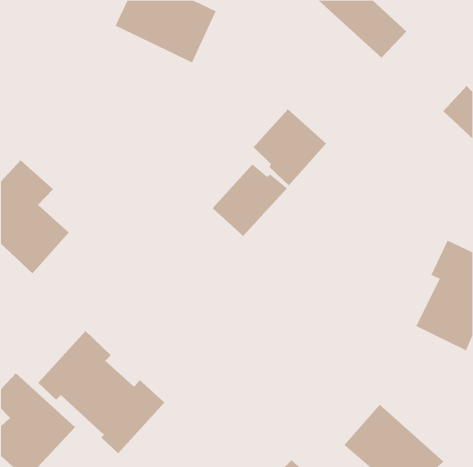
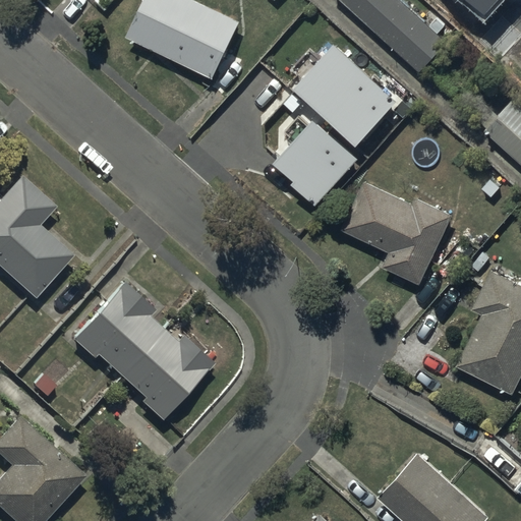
building: none -> [297,50,399,151]
building: none -> [342,180,452,283]
building: [212,163,288,237] -> none
building: [38,330,165,454] -> [71,282,212,418]

